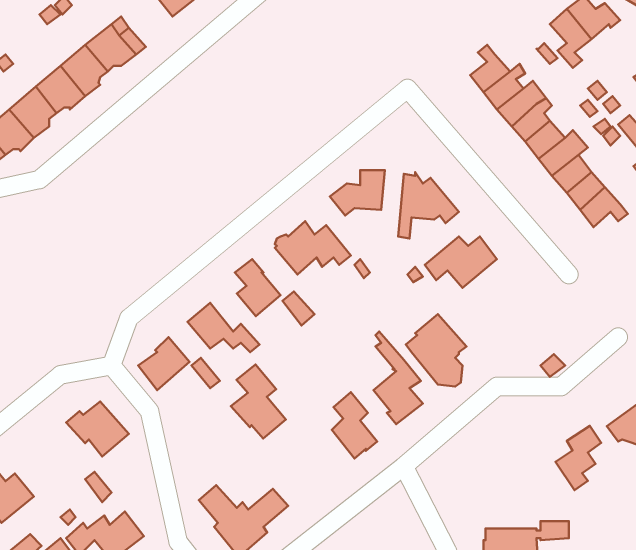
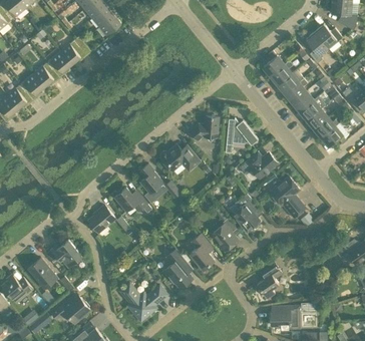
building: none -> [270,177,304,217]
building: [231,365,286,439] -> [162,249,192,288]
building: [556,426,601,490] -> [257,264,281,298]
building: none -> [27,258,56,288]

